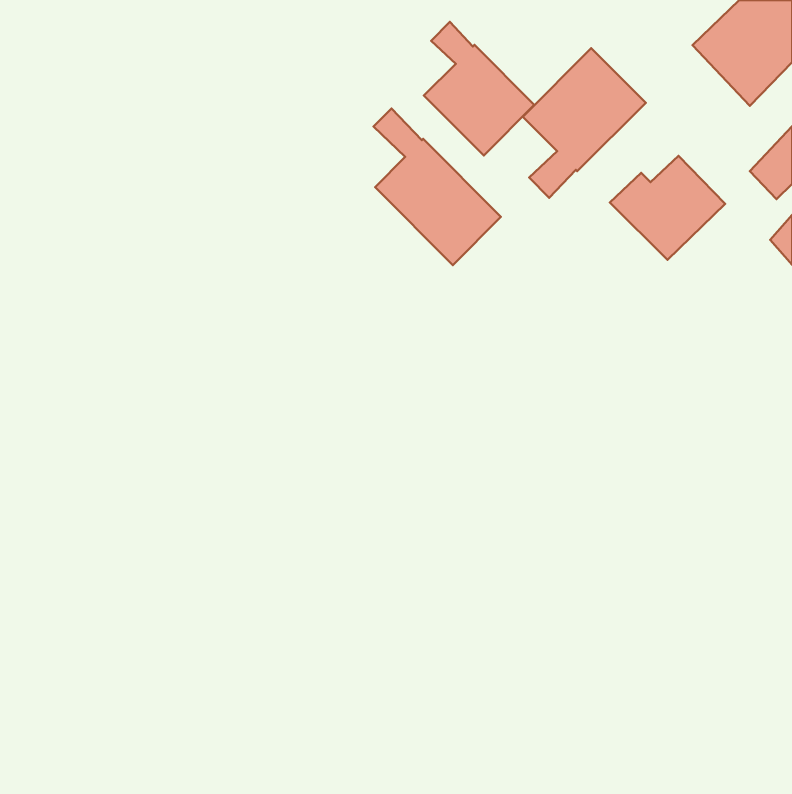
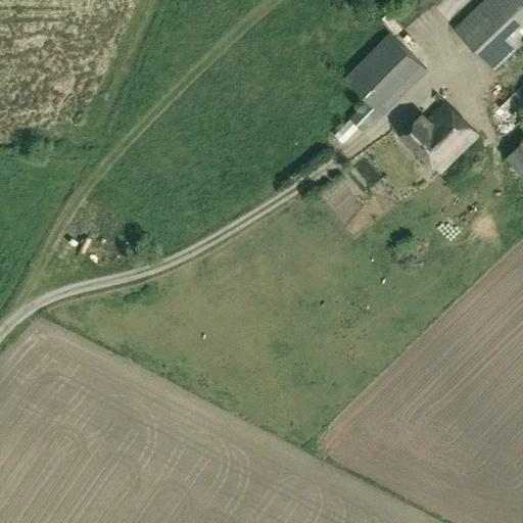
building: [424,22,534,155] -> none
building: [374,109,501,265] -> none

